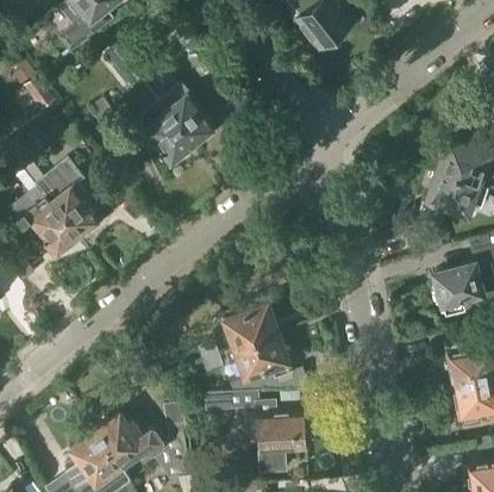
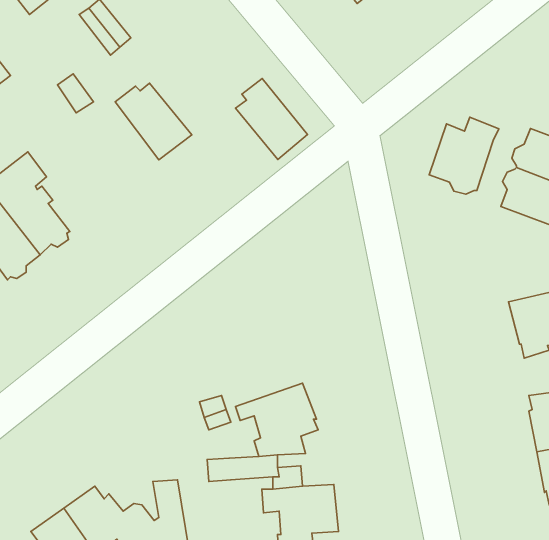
building: [160,85,214,147] -> [236,78,307,160]
building: none -> [429,117,499,194]
building: [225,297,276,354] -> none

